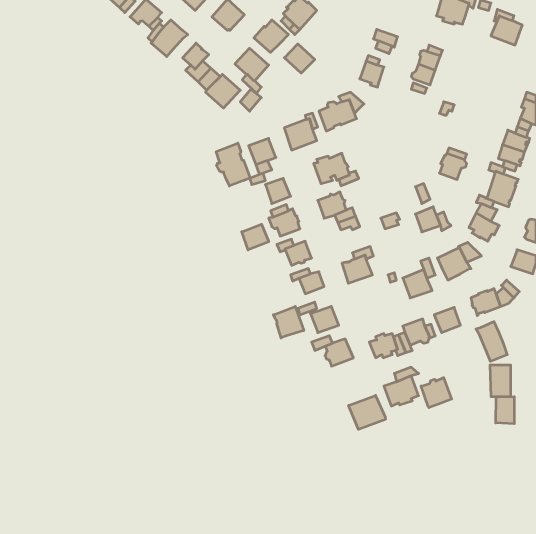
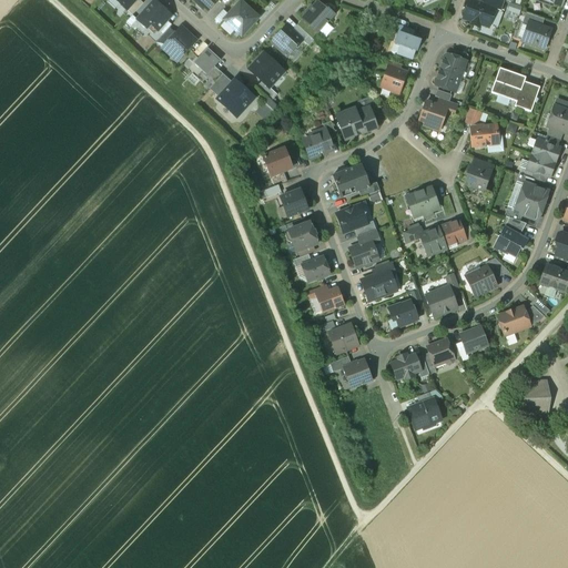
building: [284,44,315,73] -> none
building: none -> [490,65,540,110]
building: none -> [419,100,447,126]
building: none -> [471,123,498,144]
building: [216,143,250,186] -> none
building: none -> [406,186,438,216]
building: none -> [419,226,447,254]
building: [242,224,269,250] -> none
building: none -> [349,240,378,266]
building: none -> [388,300,417,325]
building: [273,306,304,338] -> none
building: [476,322,507,361] -> none
building: [421,378,452,408] -> none
building: [349,395,385,429] -> none
building: [496,397,514,424] -> none

